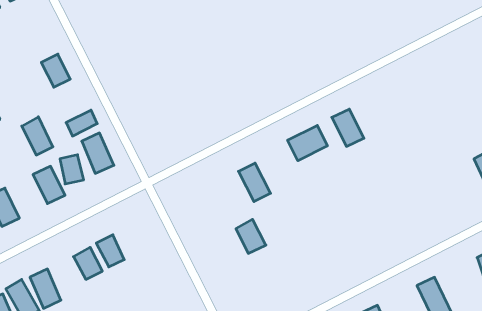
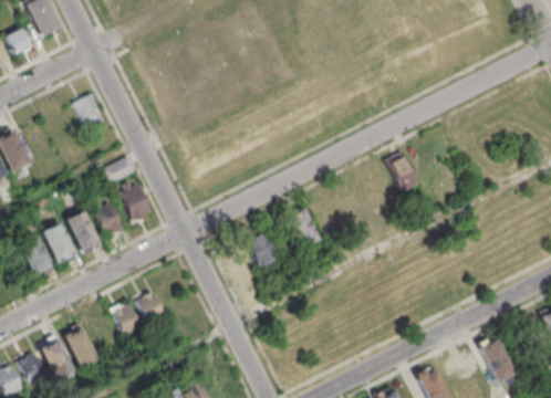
building: [22,117,53,155] -> [44,226,77,266]
building: [288,125,327,161] -> none
building: [236,219,266,253] -> [247,230,279,266]

